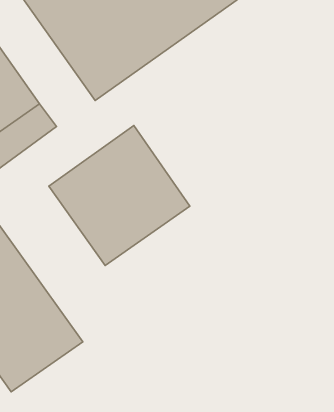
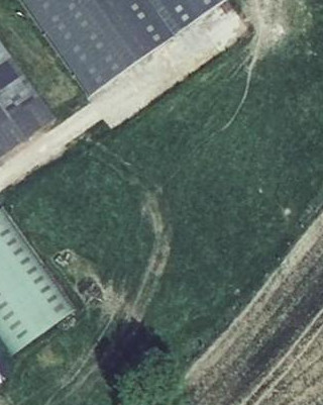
building: [49,126,190,265] -> none

